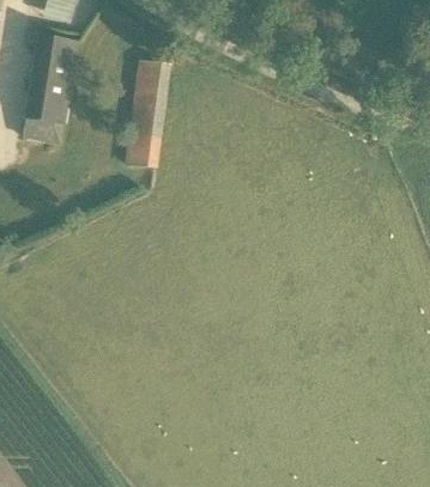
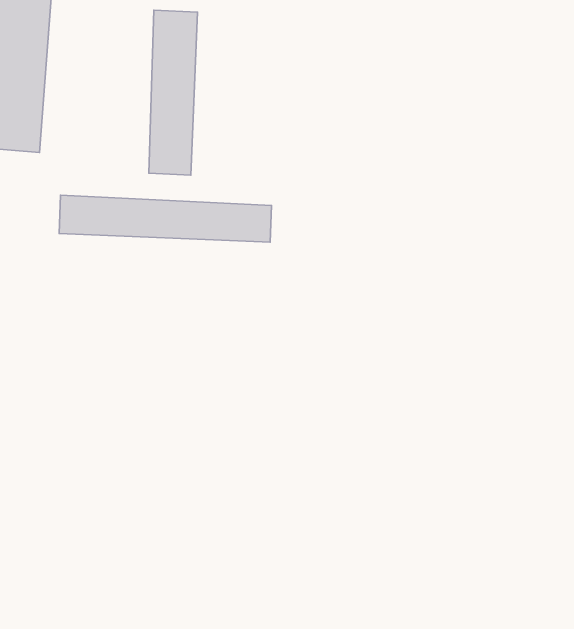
building: none -> [59,195,271,242]

